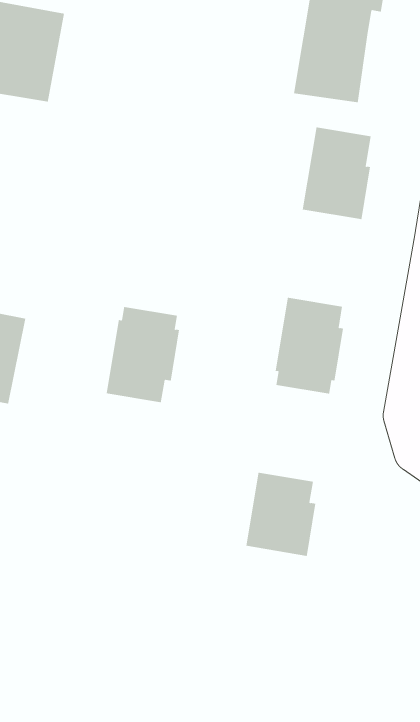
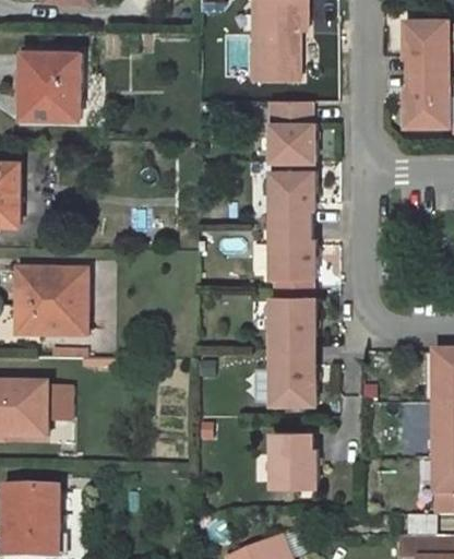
building: none -> [270,162,313,225]
building: [106,307,180,403] -> [270,288,314,352]
building: none -> [270,433,314,488]

